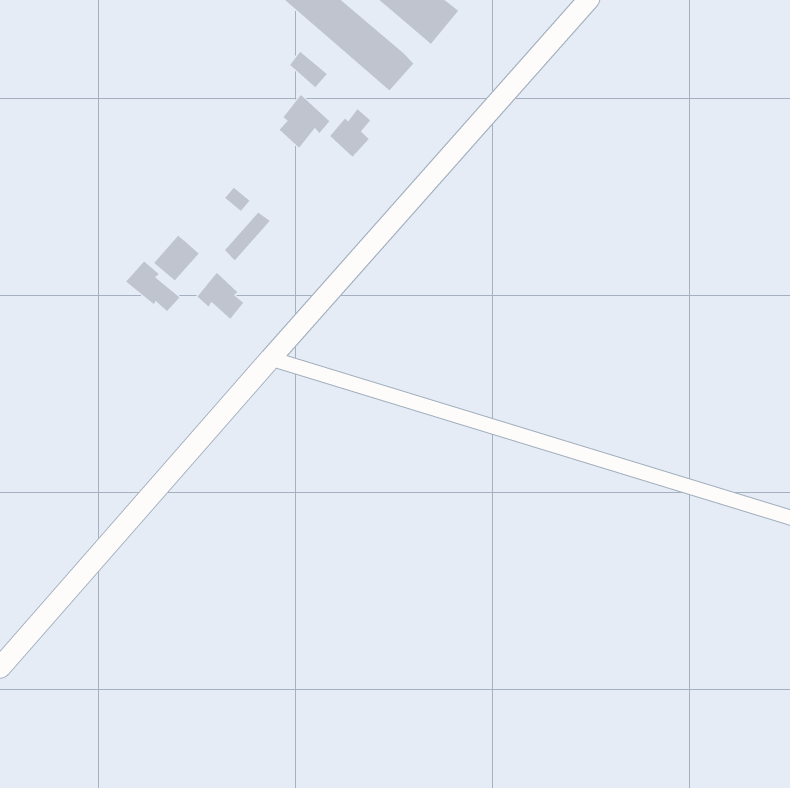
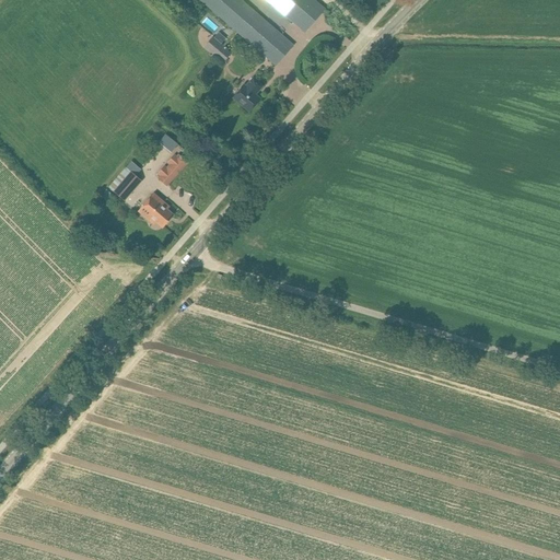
building: [279,94,330,149] -> none
building: [125,261,180,312] -> none

